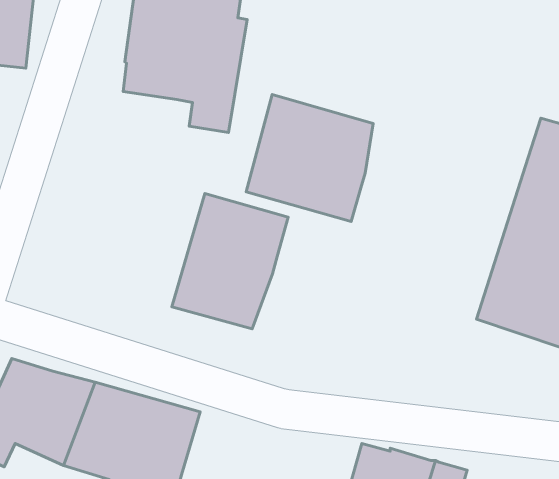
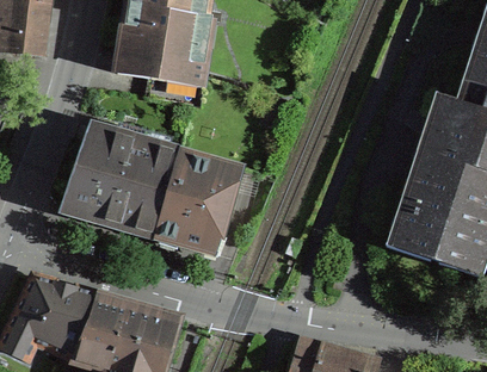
building: [246,95,373,221] -> none
building: none -> [63,126,179,237]

